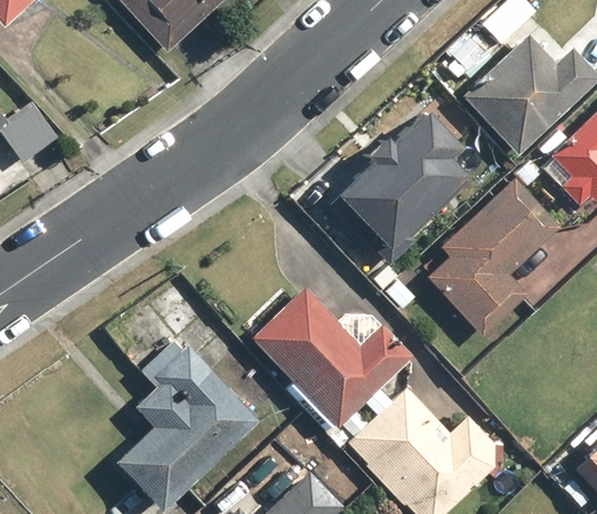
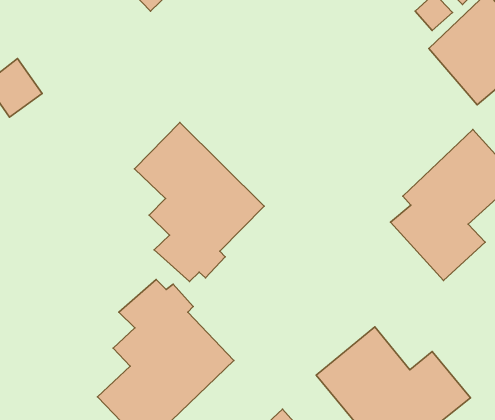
building: [328,106,474,264] -> none
building: none -> [134,123,264,282]
building: [249,285,411,429] -> none

